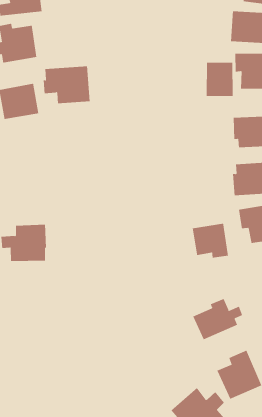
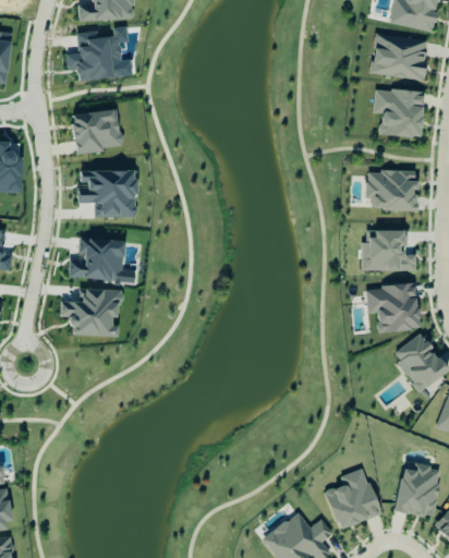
building: [206,62,233,97] -> none
building: [43,66,90,104] -> [77,171,136,217]
building: none -> [68,236,135,282]
building: [192,223,229,258] -> none
building: [192,298,243,340] -> none

